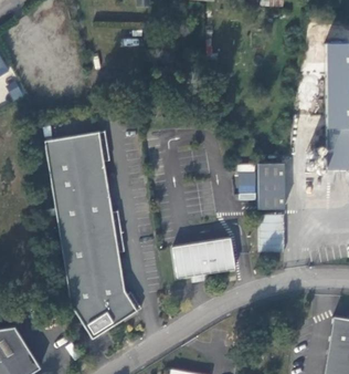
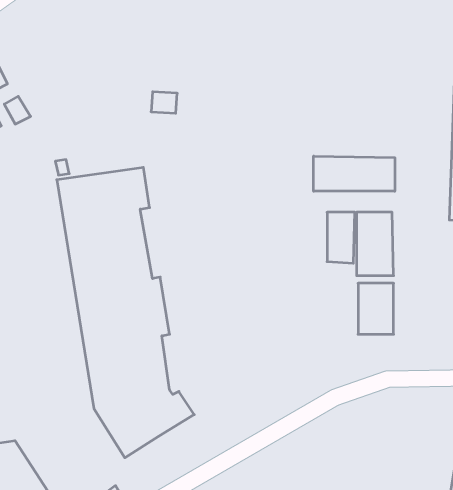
building: none -> [314,156,395,191]
building: [172,238,235,278] -> none

